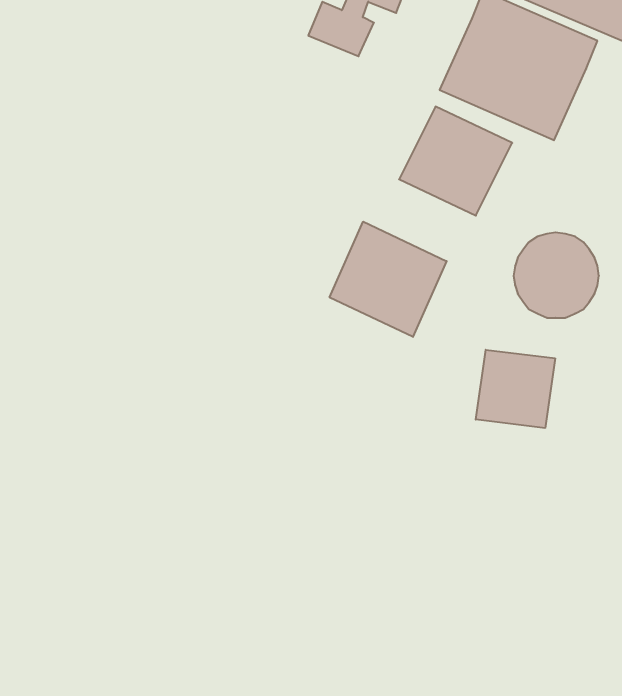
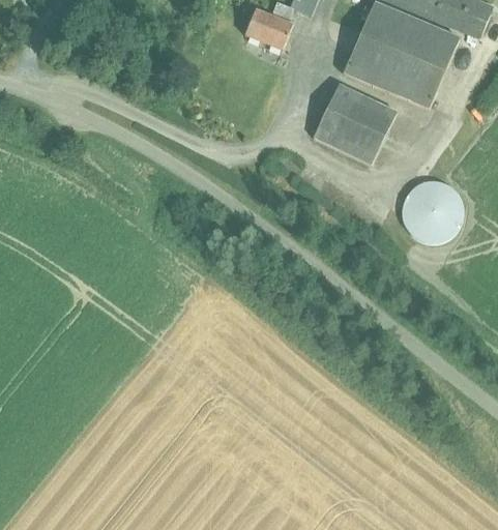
building: [330,222,447,337] -> none
building: [476,350,555,428] -> none

